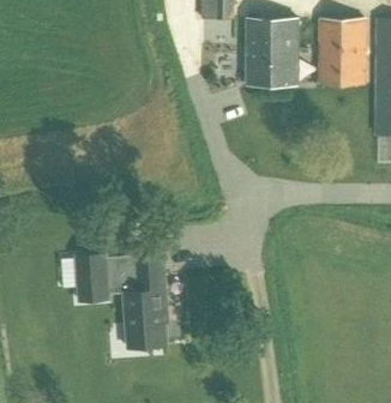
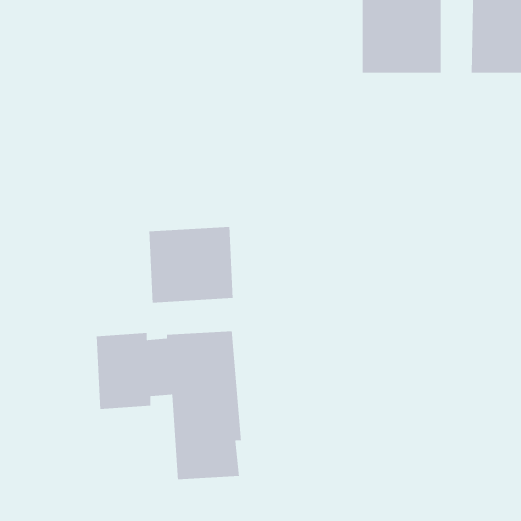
building: none -> [149,226,233,303]

